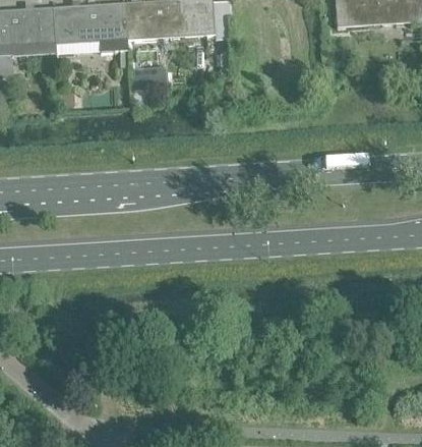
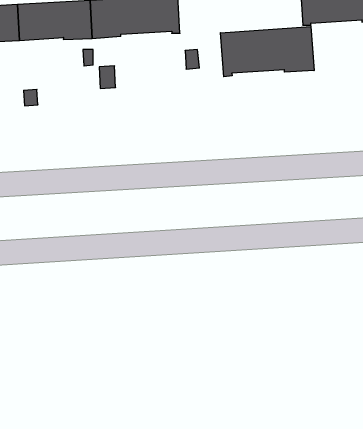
building: none -> [220,26,314,77]

